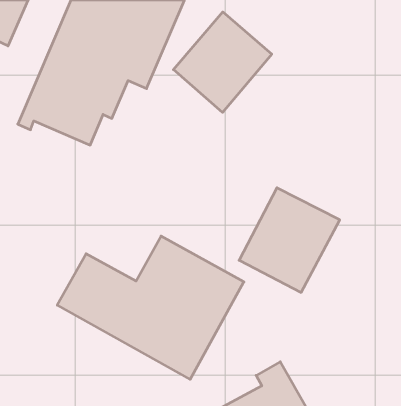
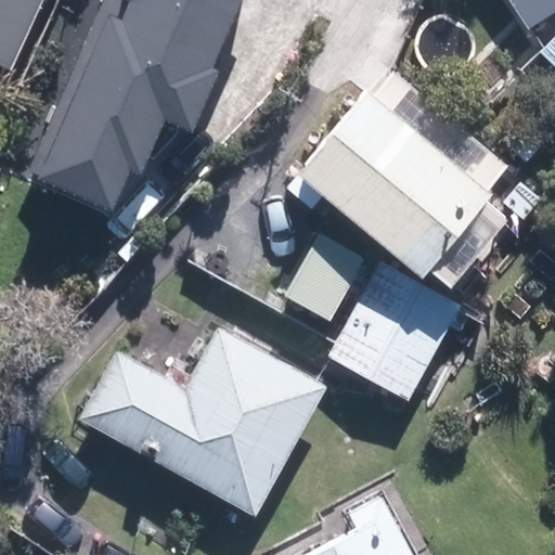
building: [173,12,272,112] -> none
building: none -> [305,85,515,283]

